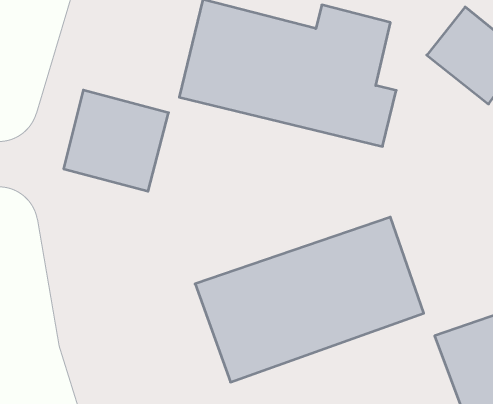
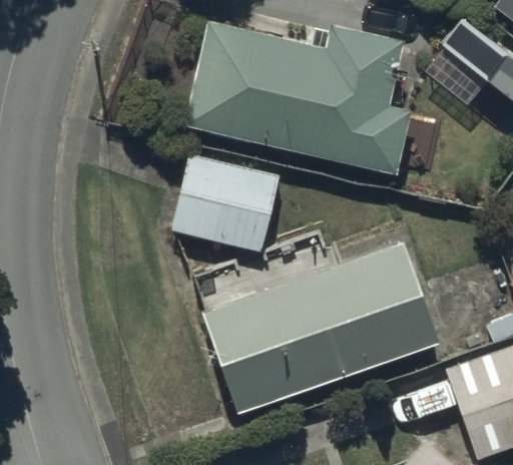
building: [64,90,169,191] -> [170,154,278,258]

